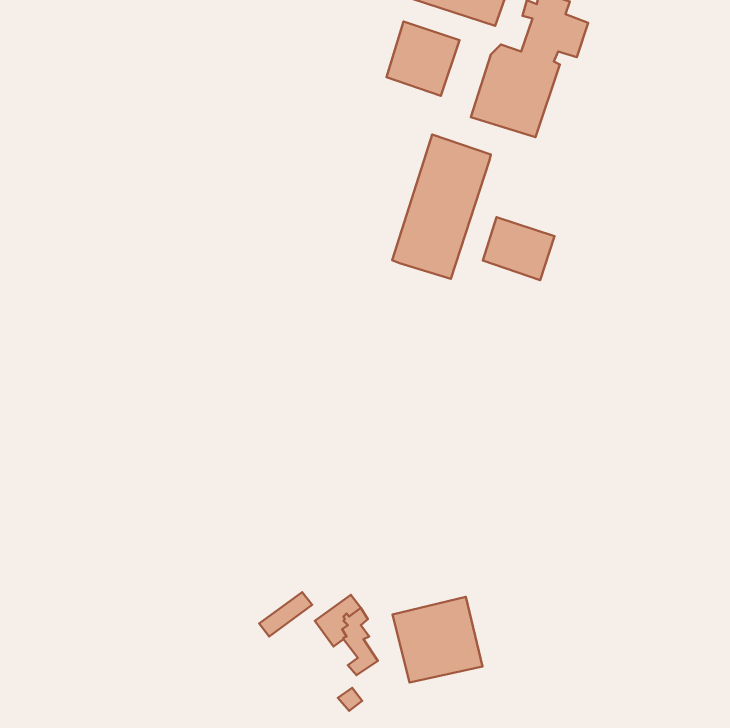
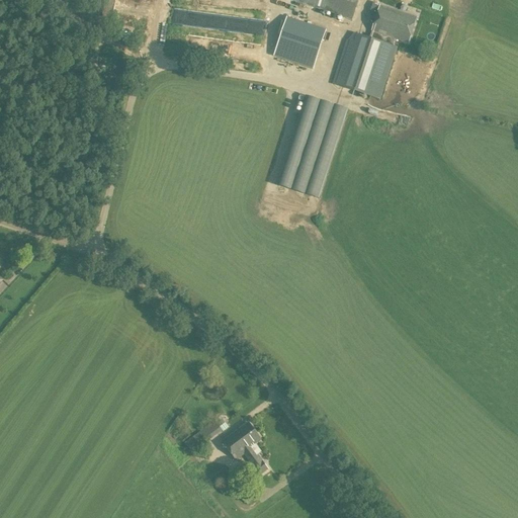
building: [483,217,555,280] -> none
building: [392,597,482,682] -> none

